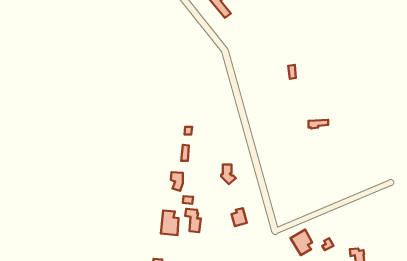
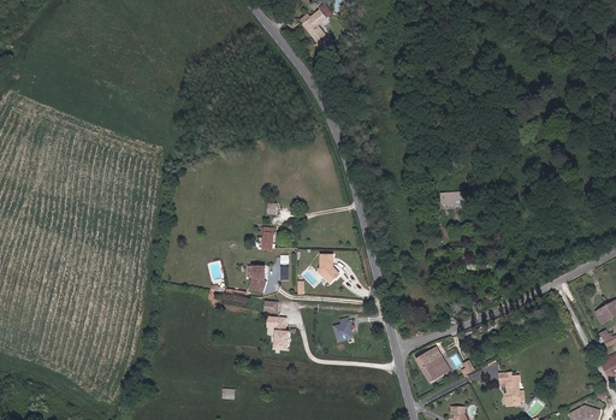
building: [161,210,178,235] -> none

